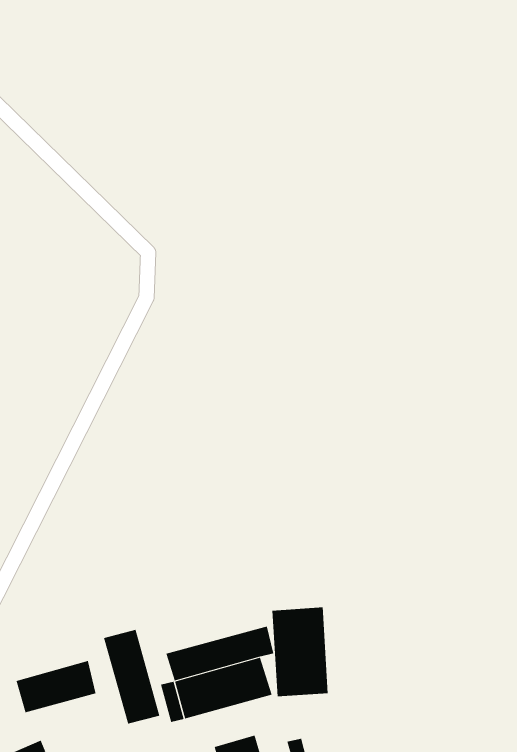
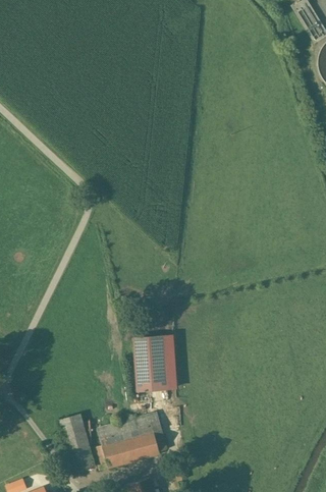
building: [272,607,329,697] -> [137,339,170,392]
building: [16,660,96,713] -> none

